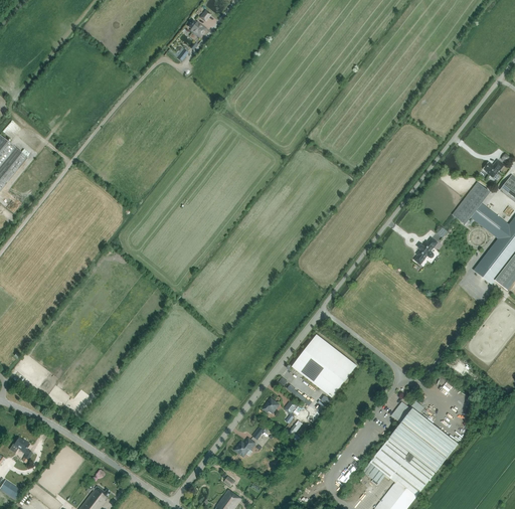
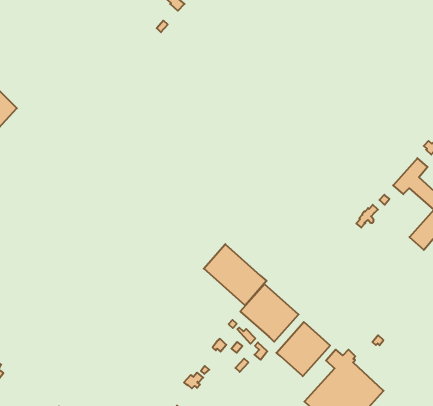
building: none -> [204,244,267,306]
building: none -> [276,322,330,376]

